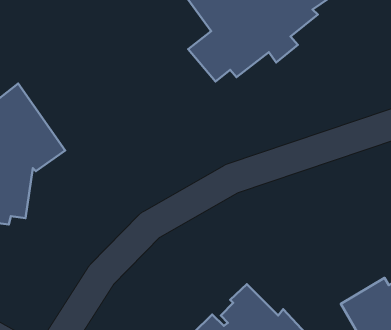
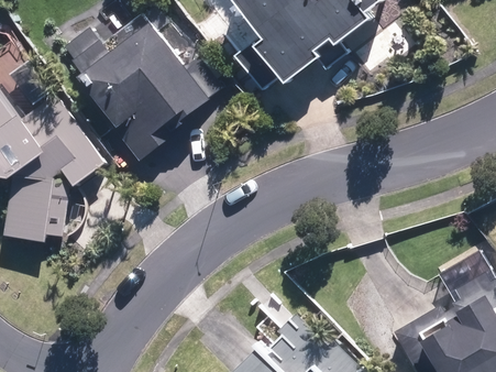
building: none -> [74,17,214,156]

